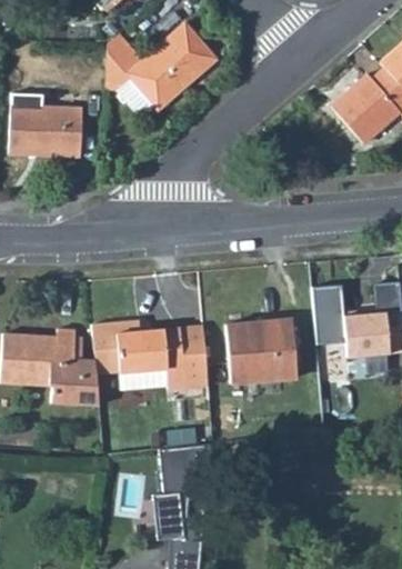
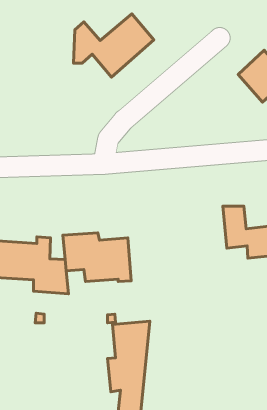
building: [11,103,83,156] -> none
building: [224,320,297,383] -> none
building: [181,327,208,388] -> none

